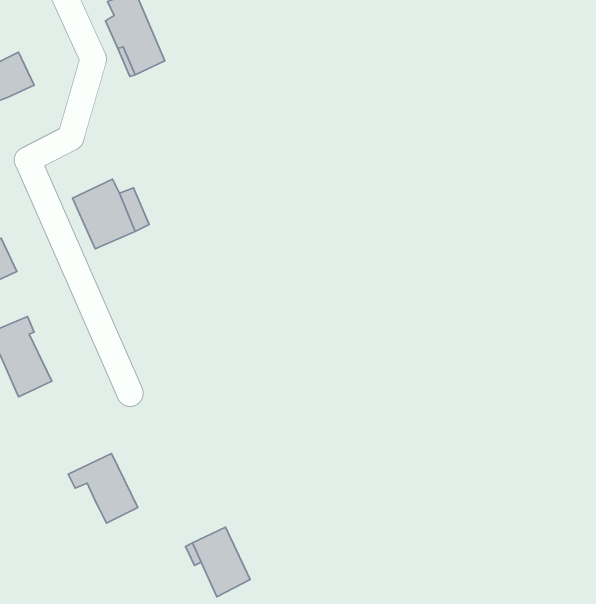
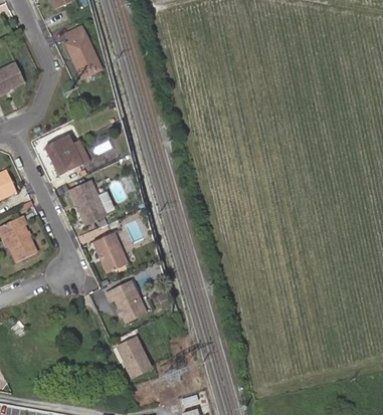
building: none -> [69,180,106,224]
building: none -> [93,232,128,273]
building: [68,453,138,523] -> [106,281,146,322]

